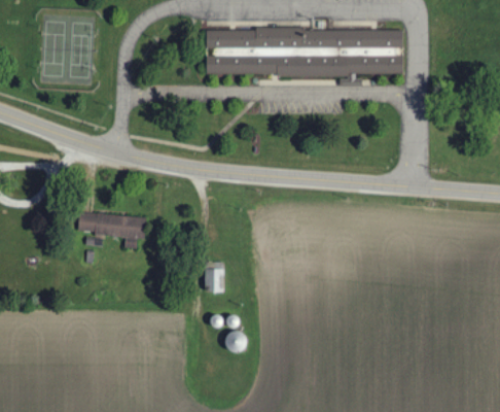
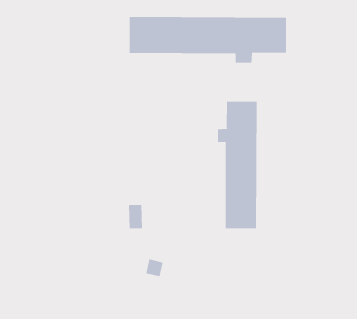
building: none -> [218,101,257,229]
building: [75,211,144,248] -> none

